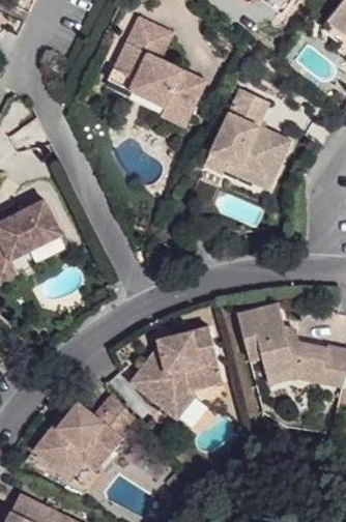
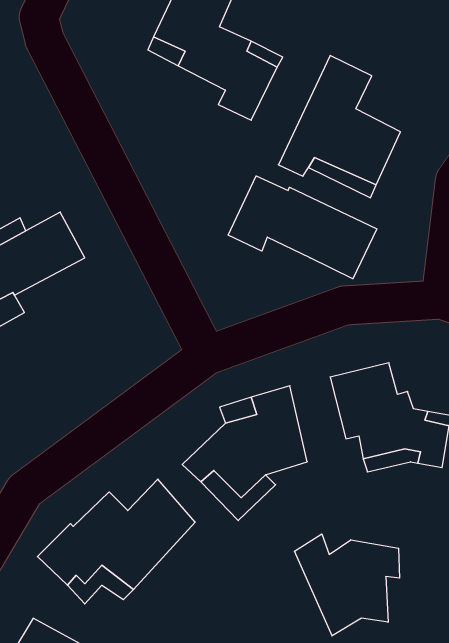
building: none -> [228,176,377,279]
building: none -> [295,534,399,636]

